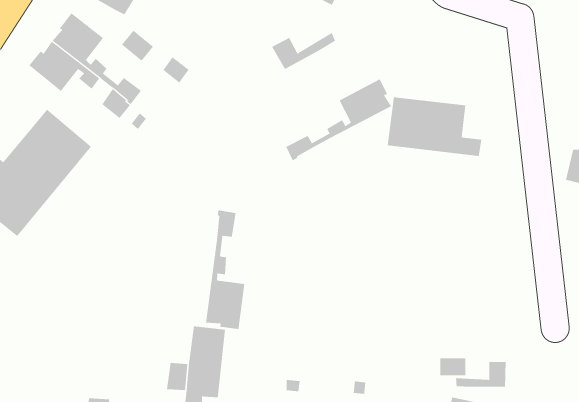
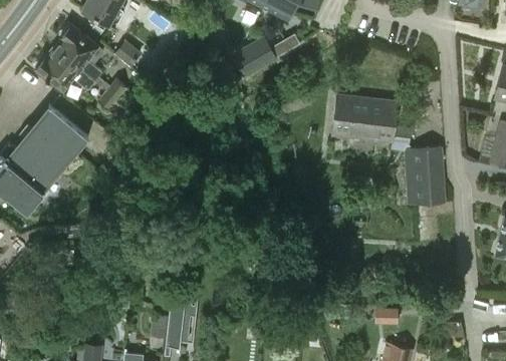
building: [285,79,392,161] -> none
building: none -> [405,147,446,206]
building: [206,210,245,330] -> none
building: [455,361,506,388] -> none

